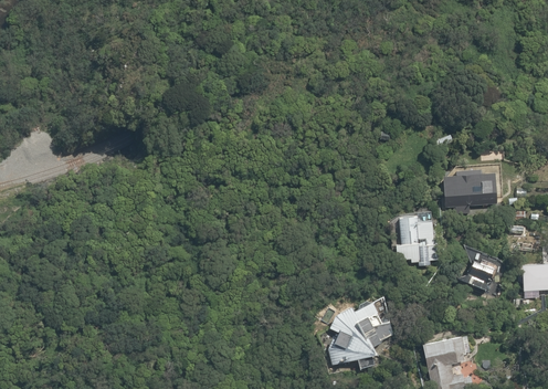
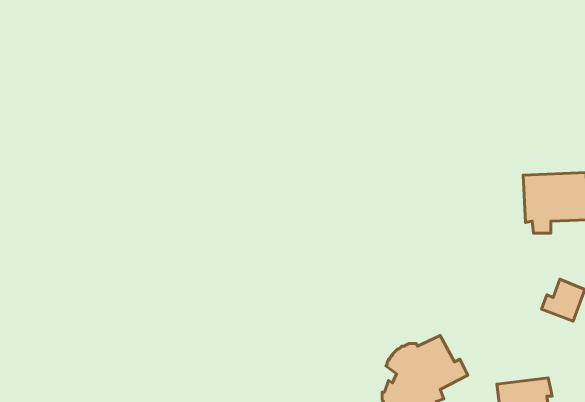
building: [397,214,432,261] -> none

